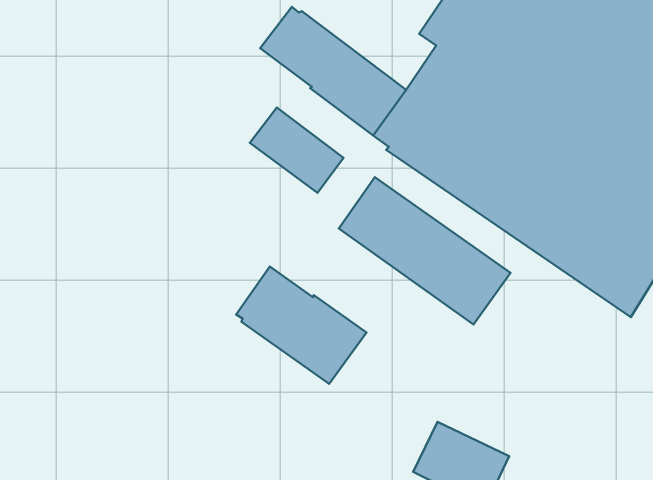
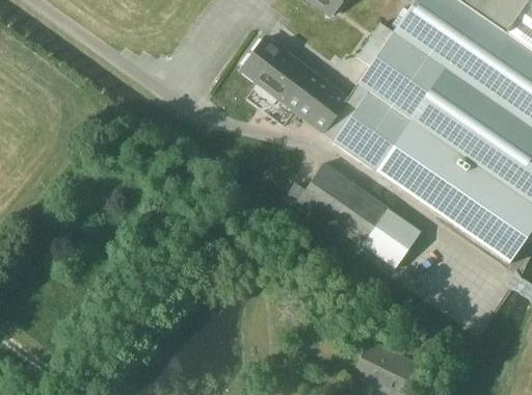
building: [250,108,343,193] -> none
building: [236,267,366,384] -> none

